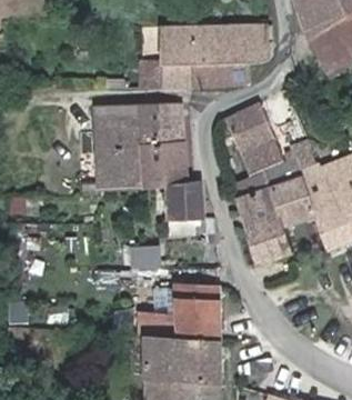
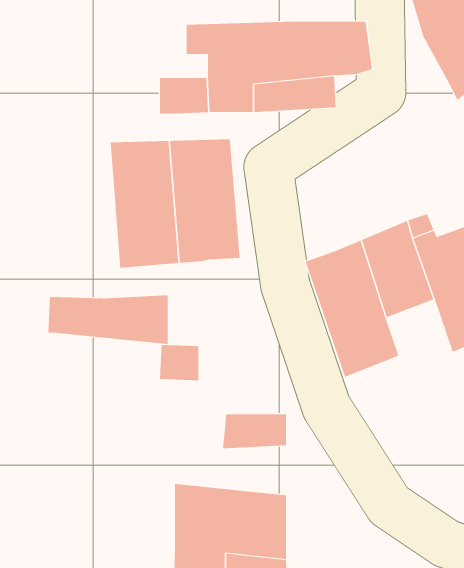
building: [224,103,283,177] -> none
building: [163,182,202,222] -> none
building: [134,310,215,343] -> [48,295,168,345]

